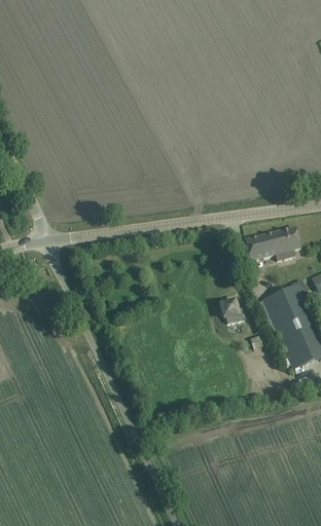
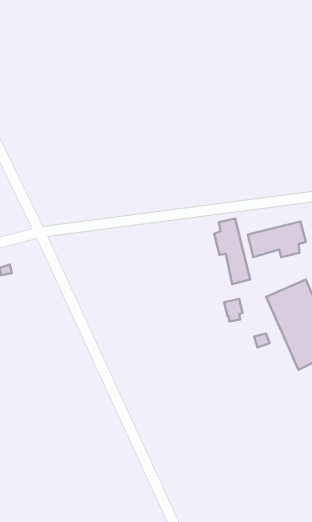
building: none -> [214,219,250,284]

